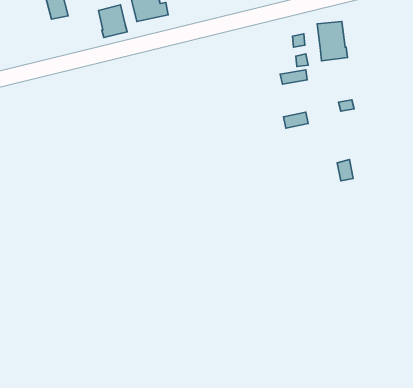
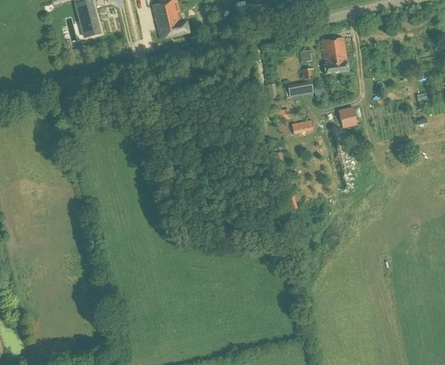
building: [99,5,127,37] -> none

